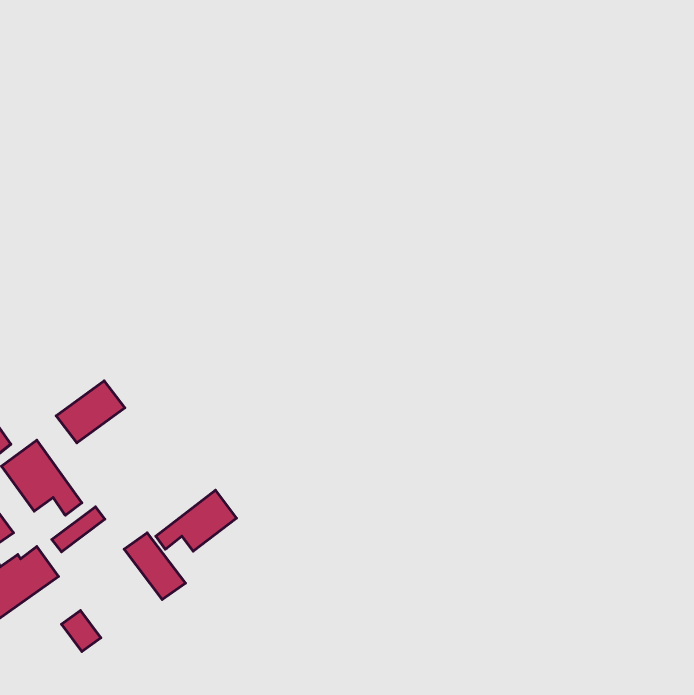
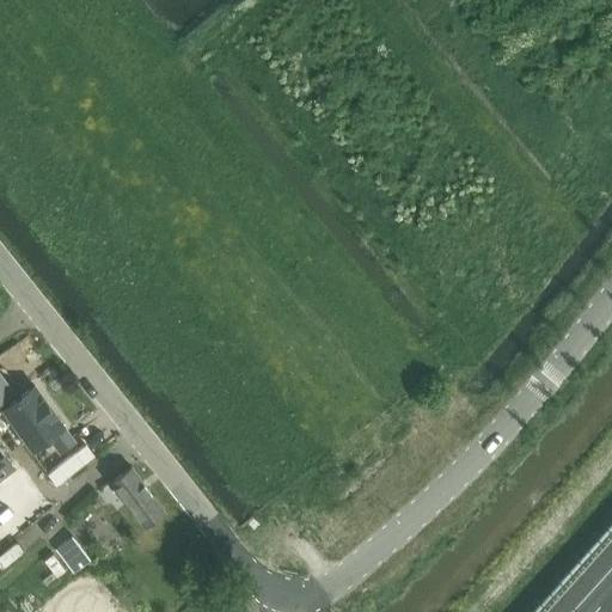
building: [56,381,125,443] -> none
building: [156,490,237,551] -> none

